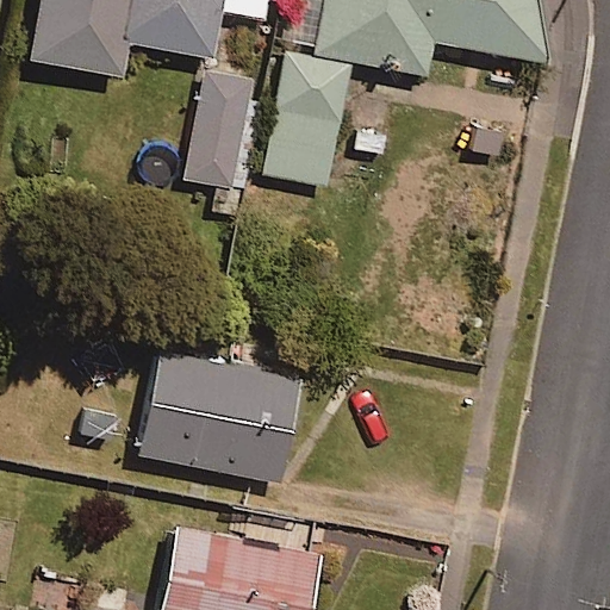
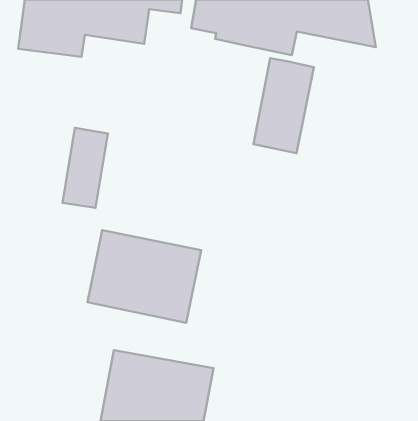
building: [266,51,353,188] -> [254,58,314,153]
building: [186,75,251,191] -> [63,128,108,208]

